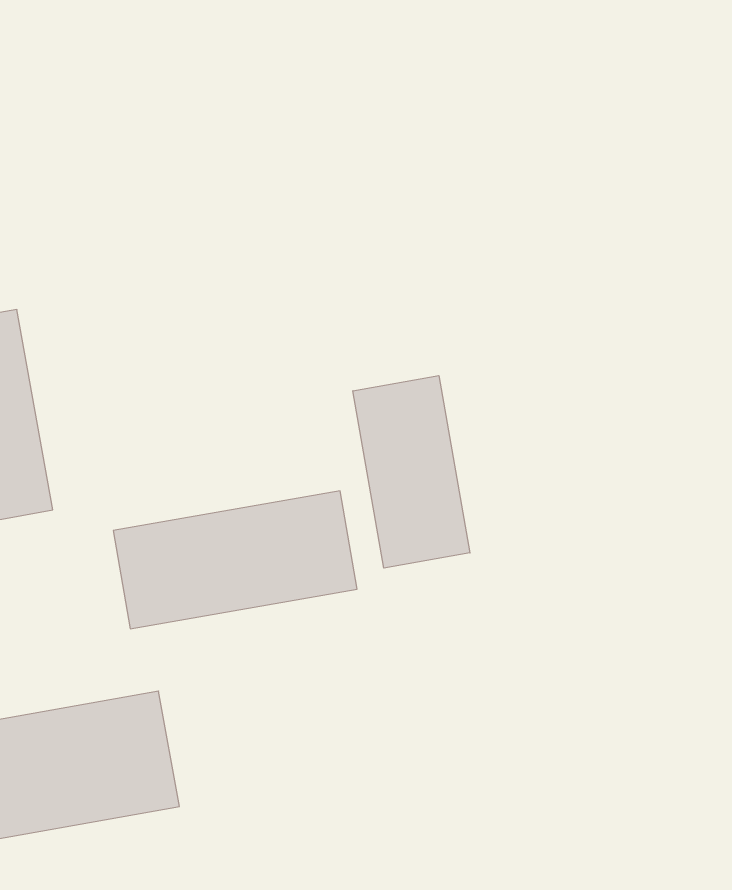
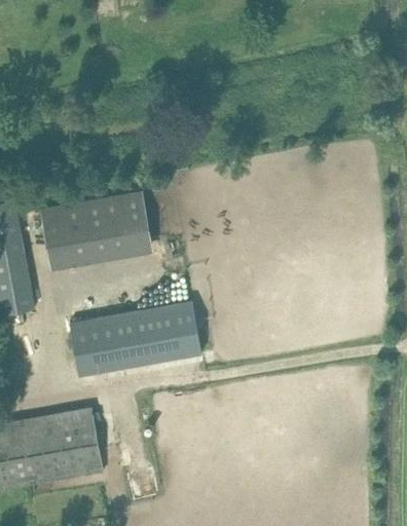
building: none -> [39,191,150,261]
building: [353,376,470,568] -> none

